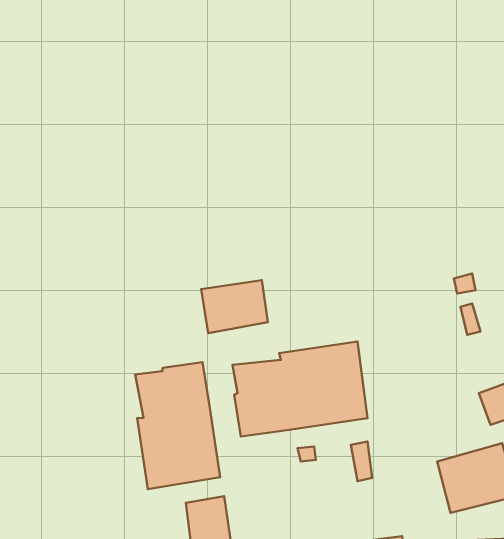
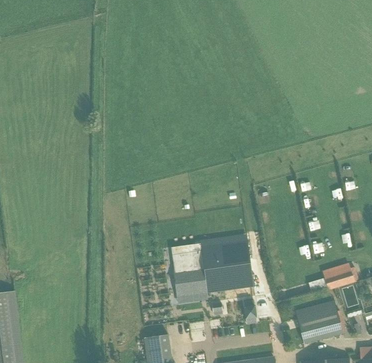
building: [201,280,268,333] -> none
building: [135,362,220,489] -> none

